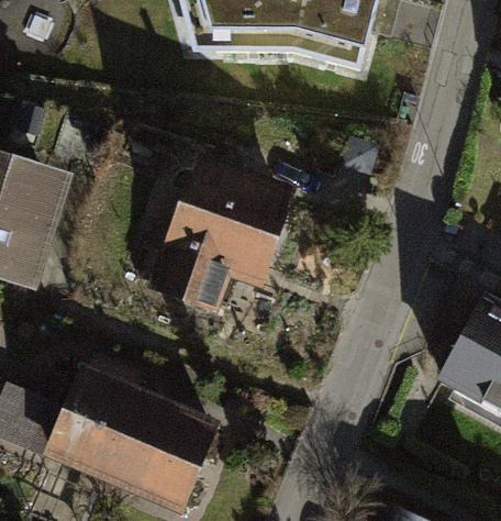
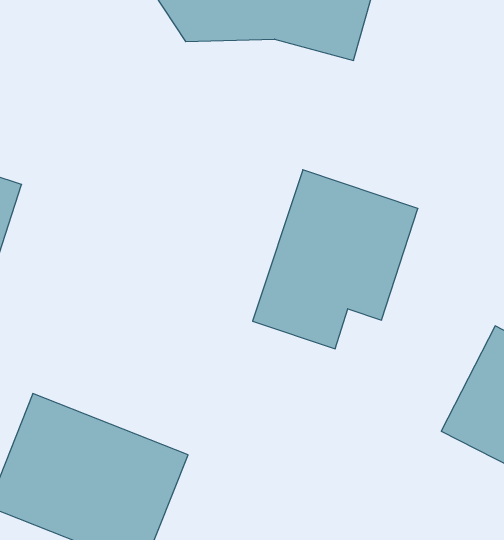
building: [148,149,293,307] -> [253,170,418,349]

